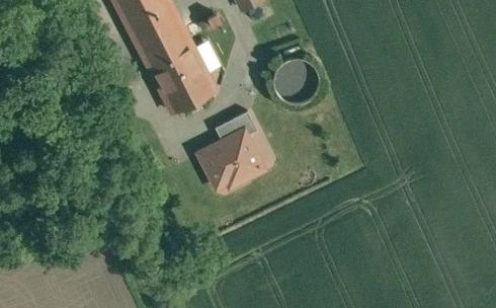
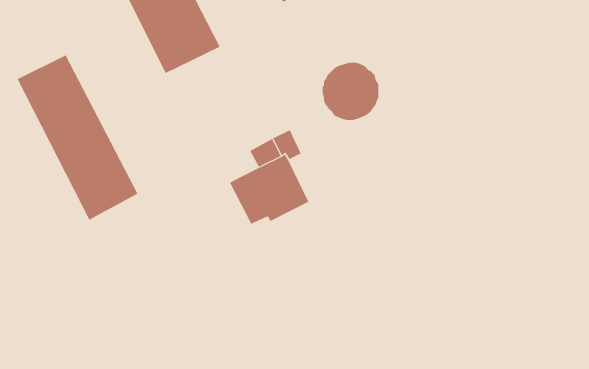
building: [148,45,215,111] -> none
building: none -> [17,55,139,220]

